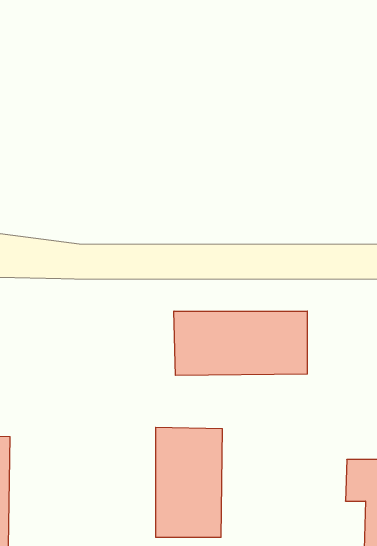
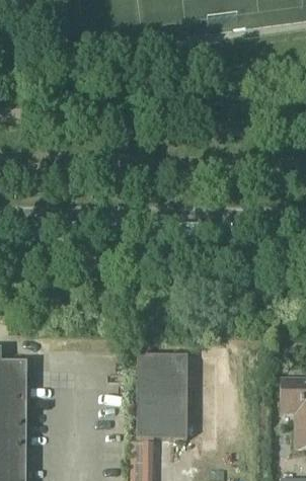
building: [174,311,307,375] -> none

